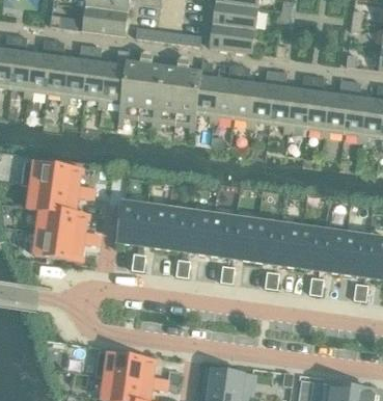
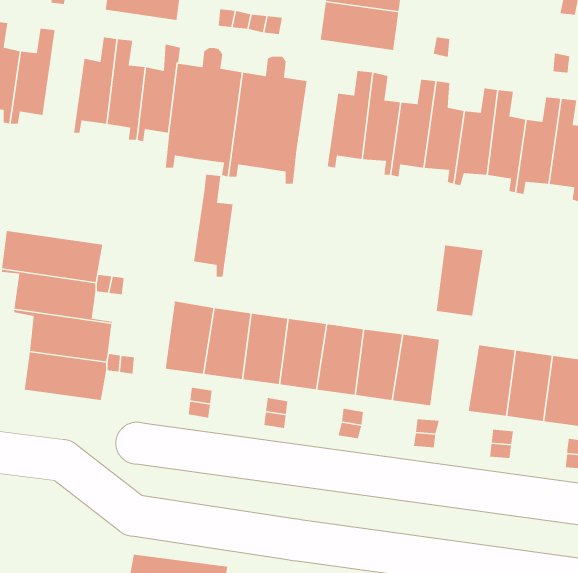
building: [46,41,70,102] -> none
building: [195,60,219,122] -> [193,174,234,278]
building: [274,223,302,266] -> [436,245,483,317]

